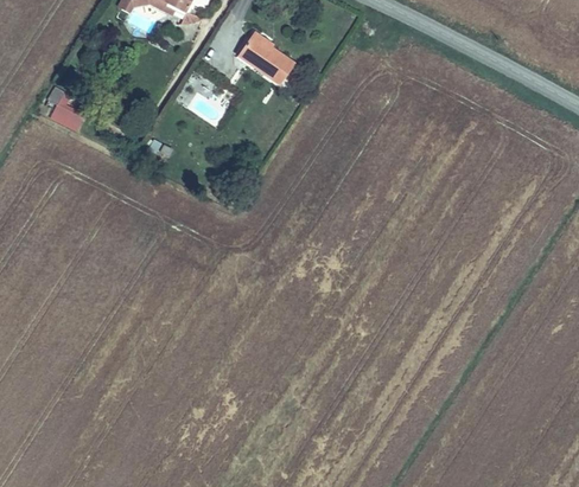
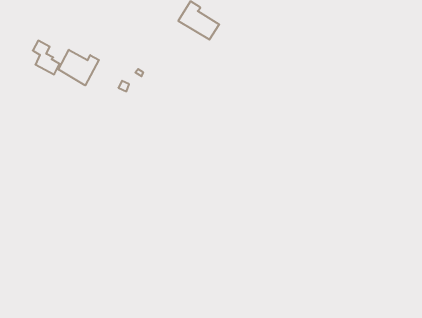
building: none -> [58,50,99,85]

